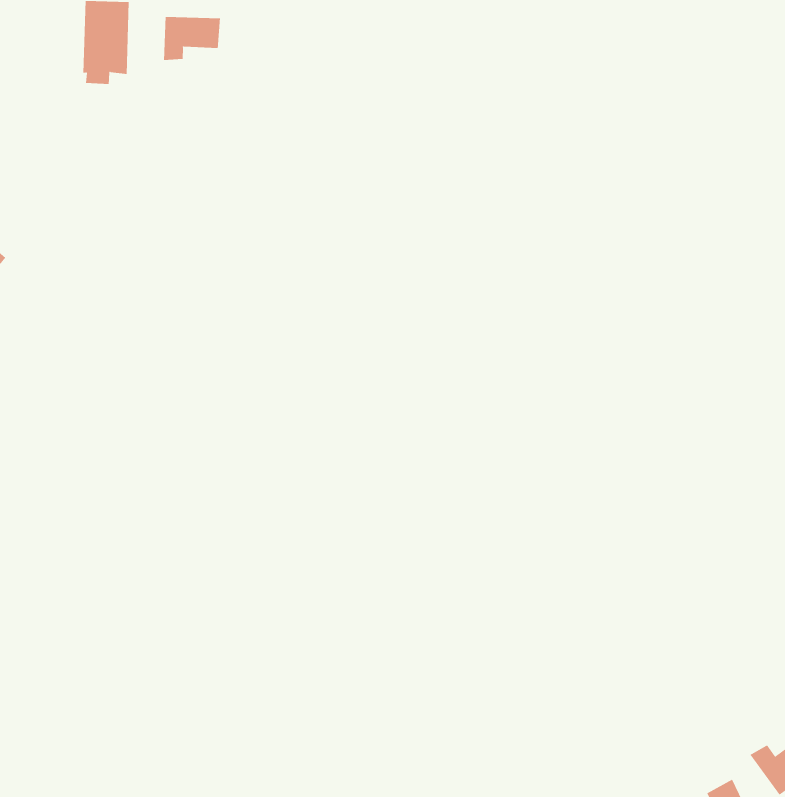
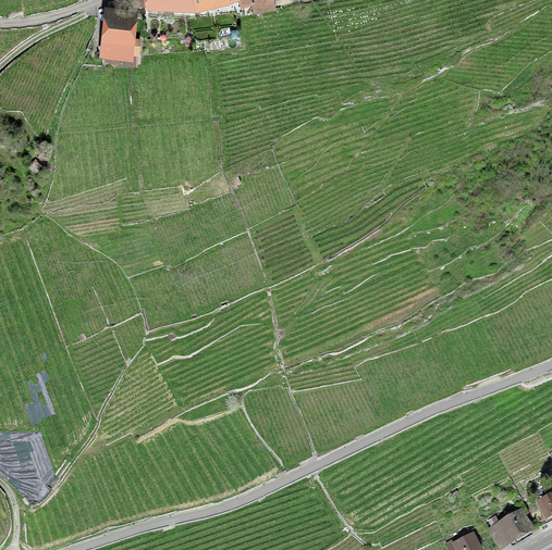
building: [163,16,221,61] -> none

